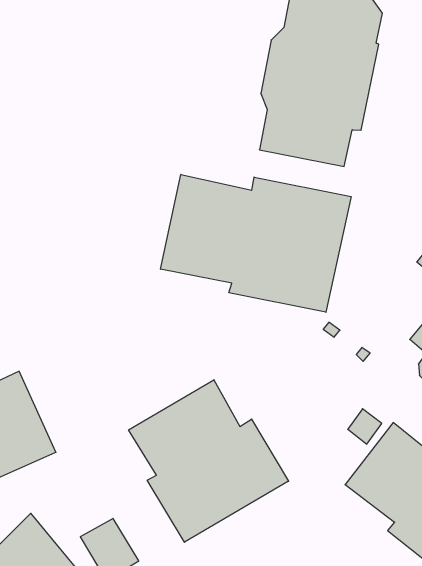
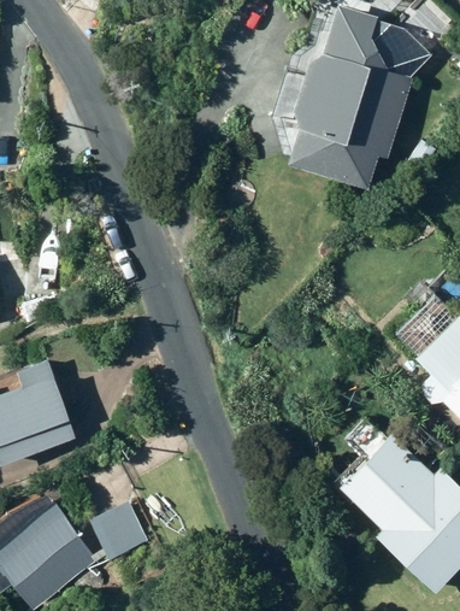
building: [161,174,351,312] -> none
building: [129,380,289,542] -> none

